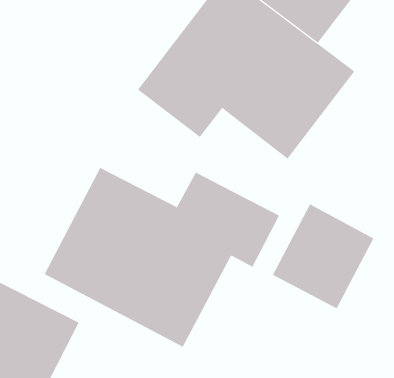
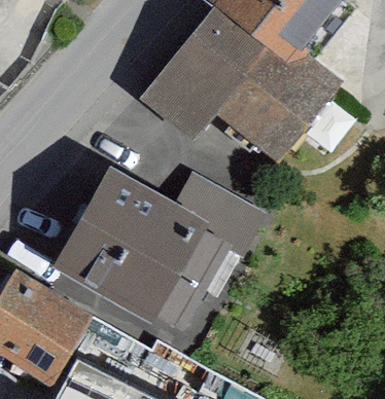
building: [272,204,374,309] -> none

